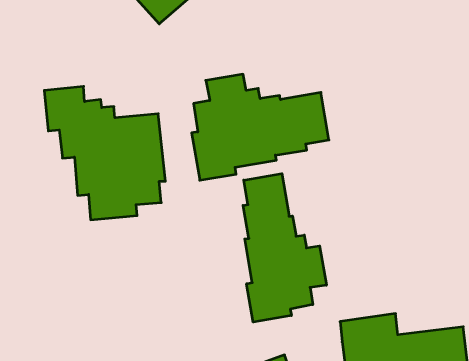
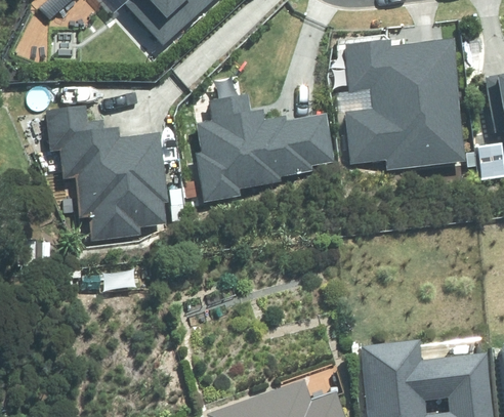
building: none -> [343,38,467,170]
building: [243,174,326,322] -> none

